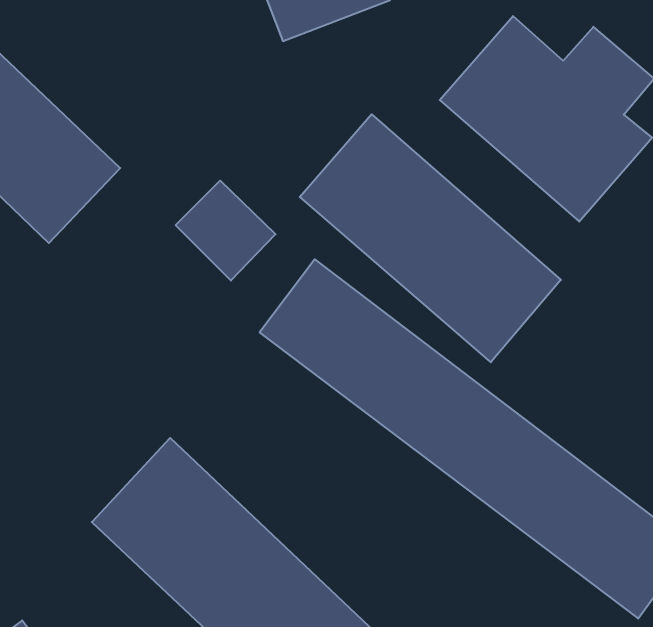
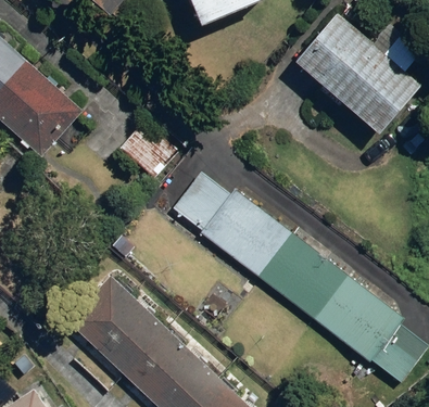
building: [300,114,561,362] -> none

